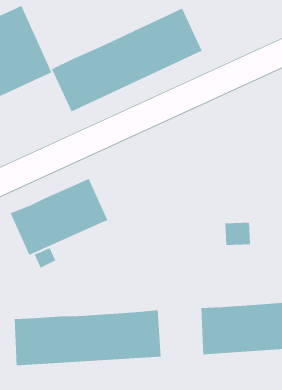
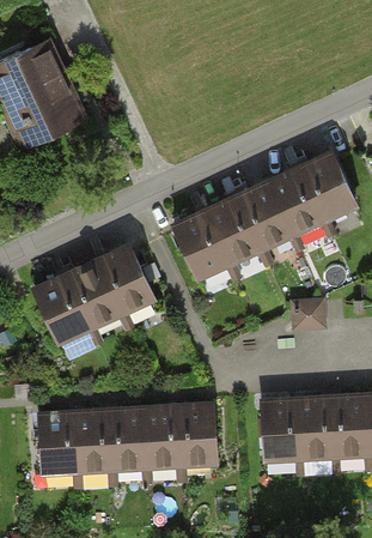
building: [51,8,203,112] -> [175,152,355,277]

